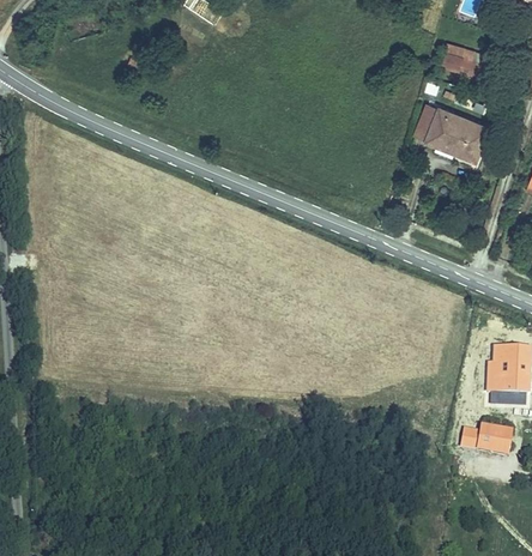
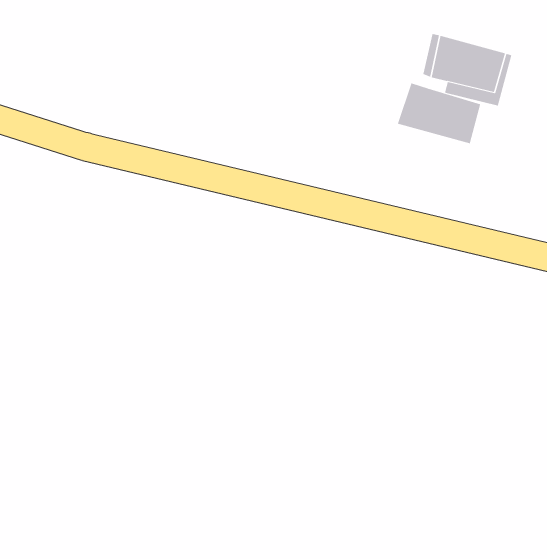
building: none -> [397,83,481,144]

